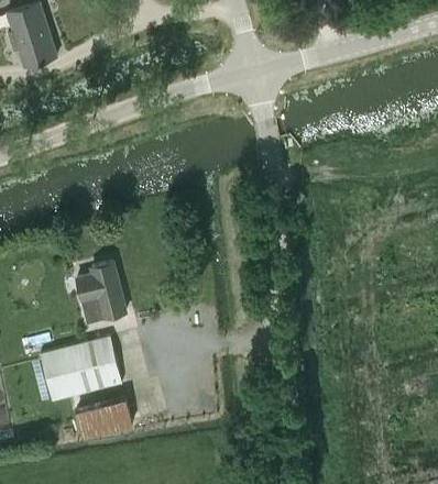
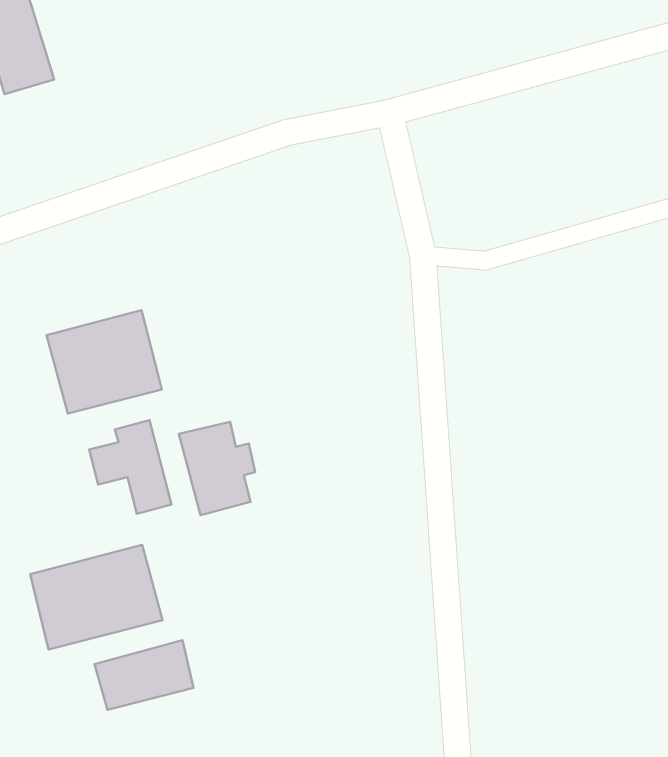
building: none -> [46,310,162,414]
building: none -> [179,422,255,515]

